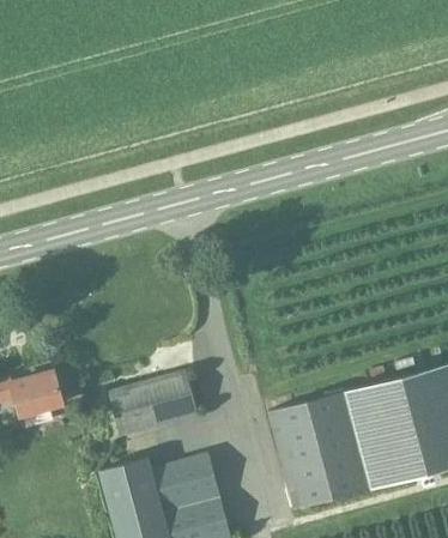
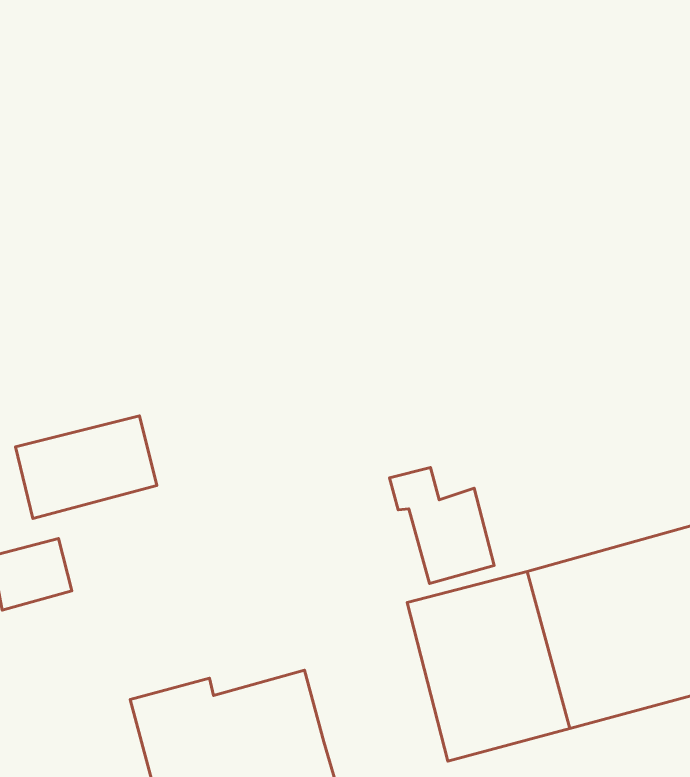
building: none -> [389,468,494,583]
building: [109,371,196,435] -> [15,416,157,518]

